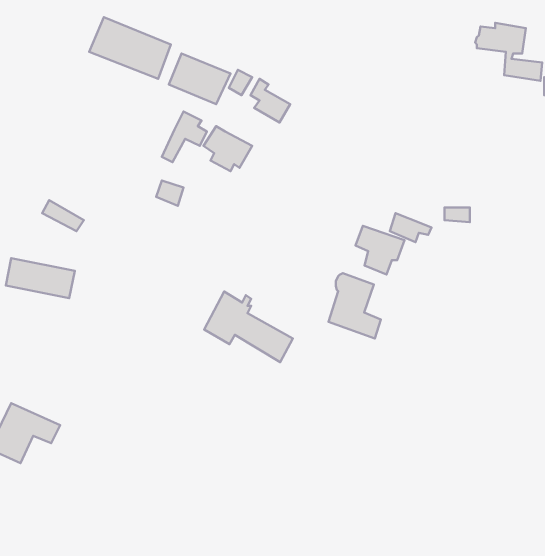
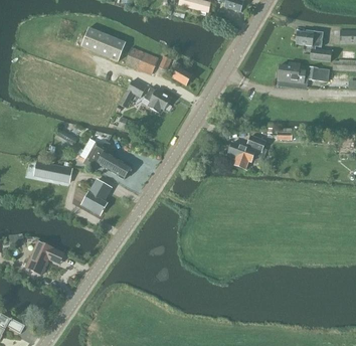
building: none -> [278,61,318,83]
building: [328,273,381,339] -> none
building: [204,291,293,362] -> [81,140,131,179]
building: none -> [82,179,111,214]

